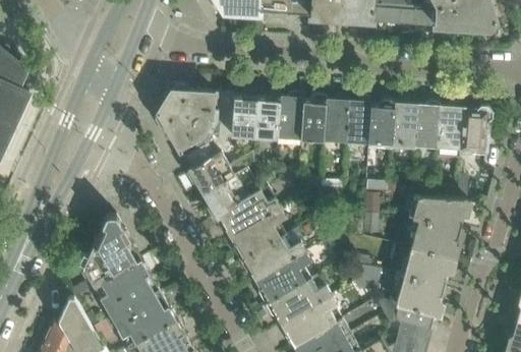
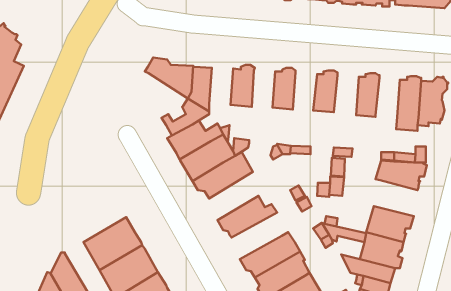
building: [232,93,258,137] -> none
building: [279,95,304,140] -> none
building: [324,98,350,143] -> none
building: [153,101,209,152] -> none
building: [368,101,396,149] -> none
building: [414,104,442,151] -> none
building: [232,211,286,263] -> none
building: [83,218,141,288] -> none
building: [412,220,460,259] -> none
building: [256,255,311,306] -> none

